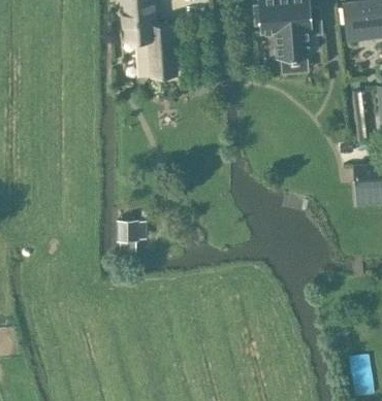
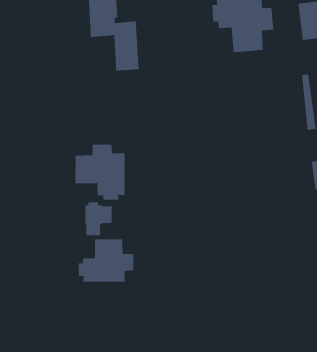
building: none -> [75,144,125,201]
building: none -> [78,238,134,282]

